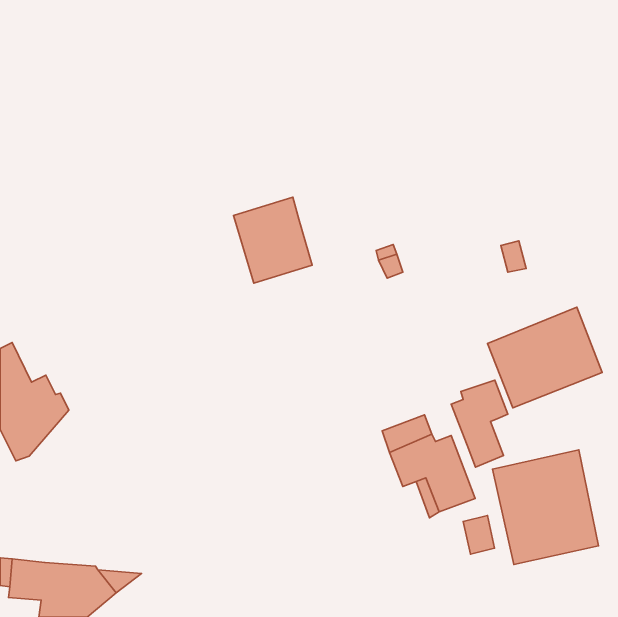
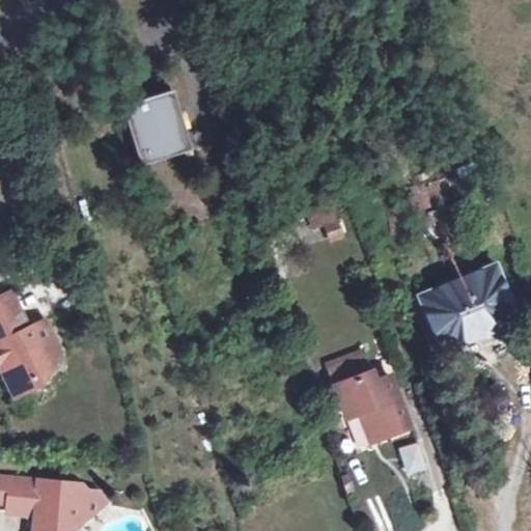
building: [233,197,312,283] -> [124,91,192,165]
building: [451,380,508,467] -> none
building: [492,450,599,565] -> none

